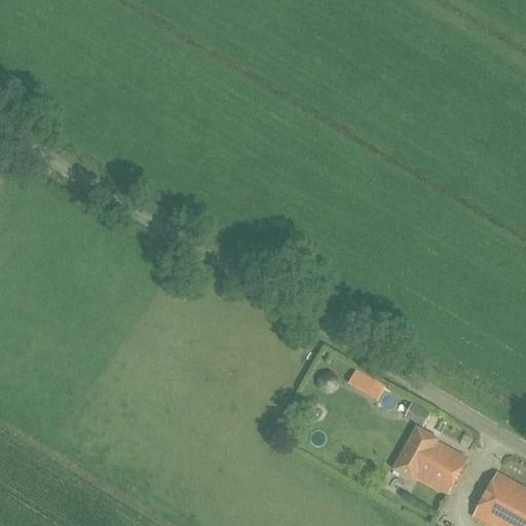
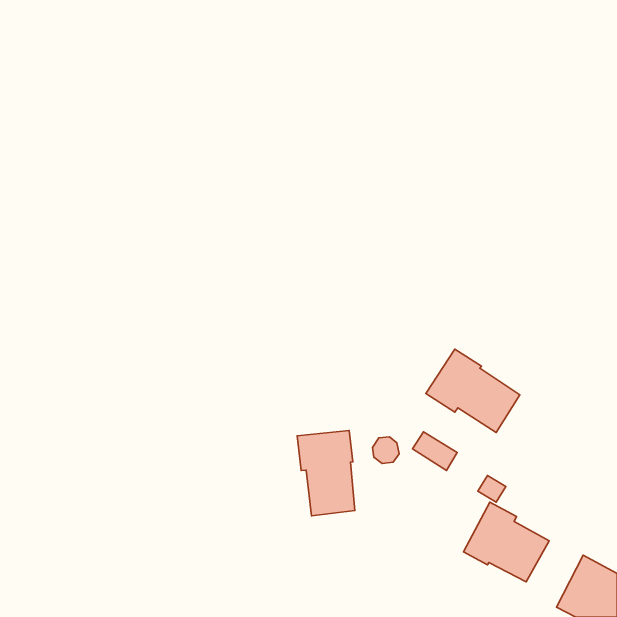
building: none -> [426,349,520,432]
building: none -> [297,430,355,516]

